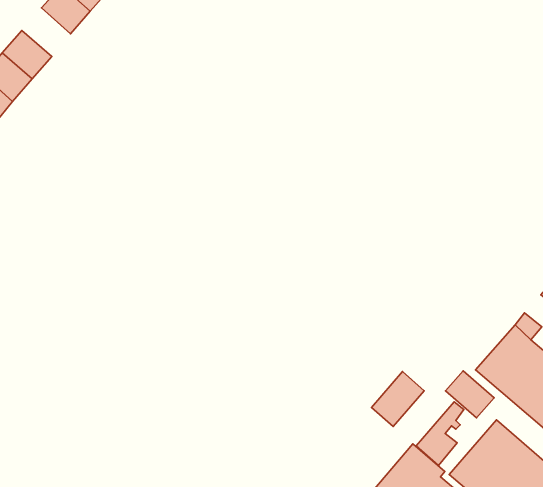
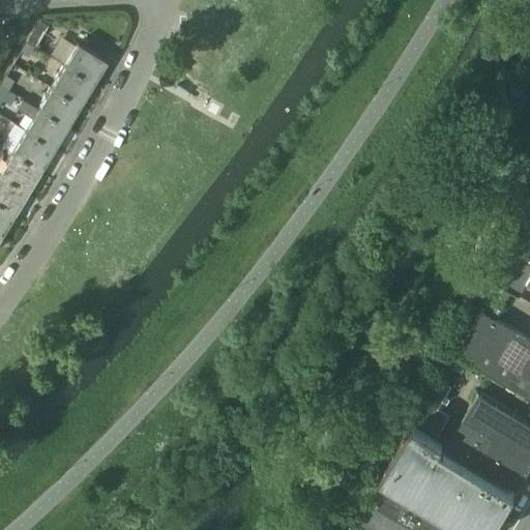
building: none -> [25,114,66,153]
building: [445,371,494,418] -> none
building: [372,372,424,427] -> none

